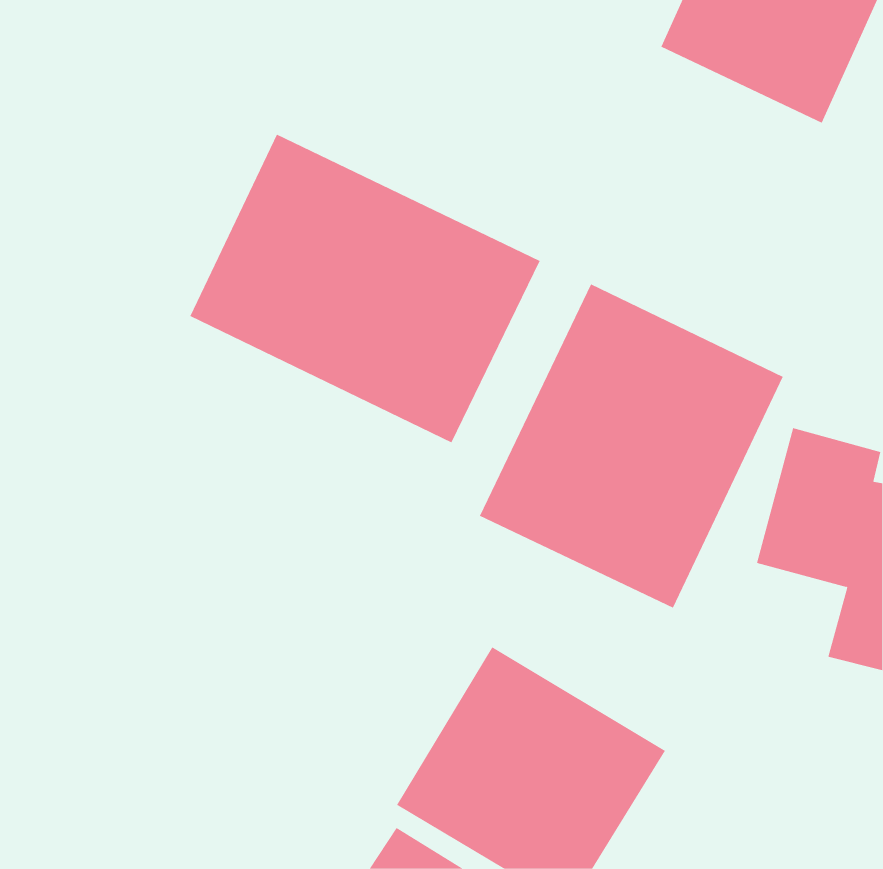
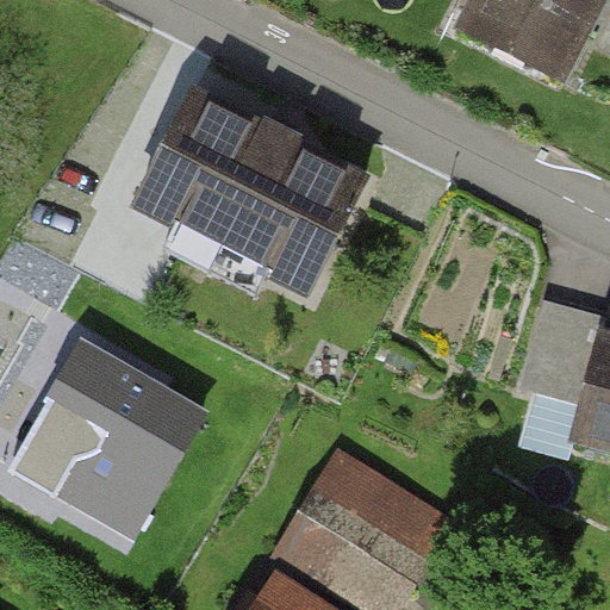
building: [479,283,783,608] -> none
building: none -> [8,340,208,541]

